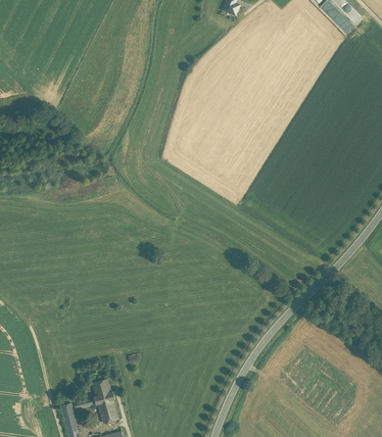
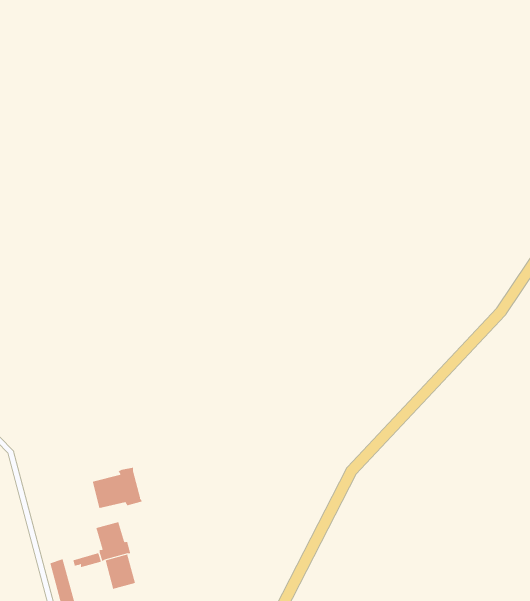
building: none -> [92,467,143,509]

